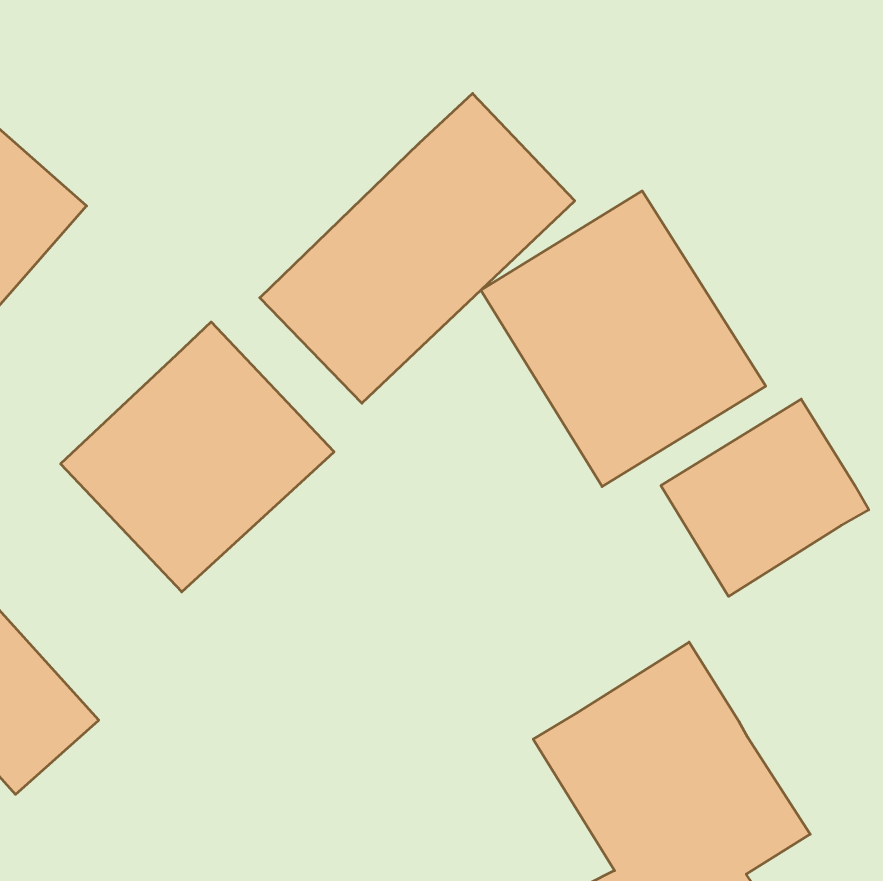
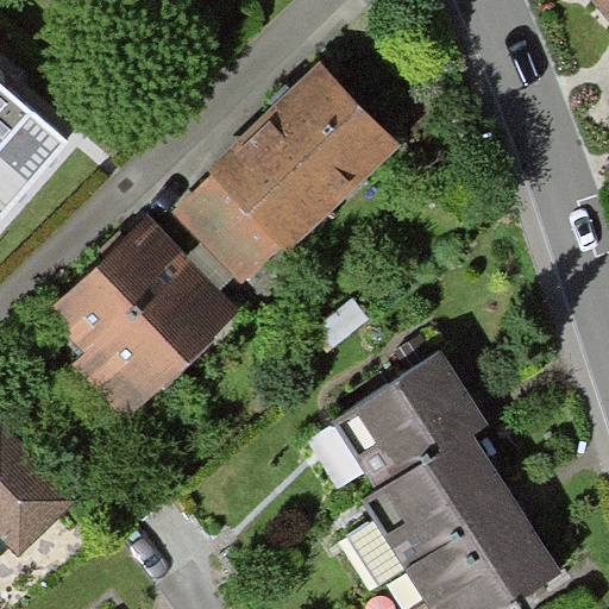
building: [481,191,766,487] -> none
building: [661,399,869,596] -> [350,357,492,492]

